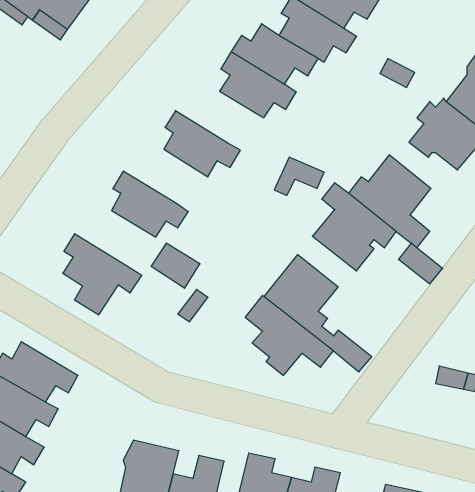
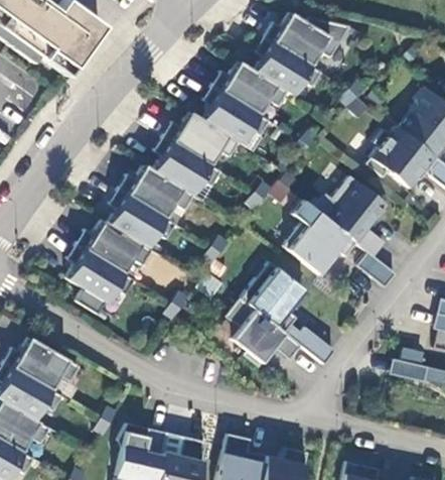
building: none -> [165,112,240,165]
building: none -> [120,165,194,218]
building: none -> [78,220,153,273]

